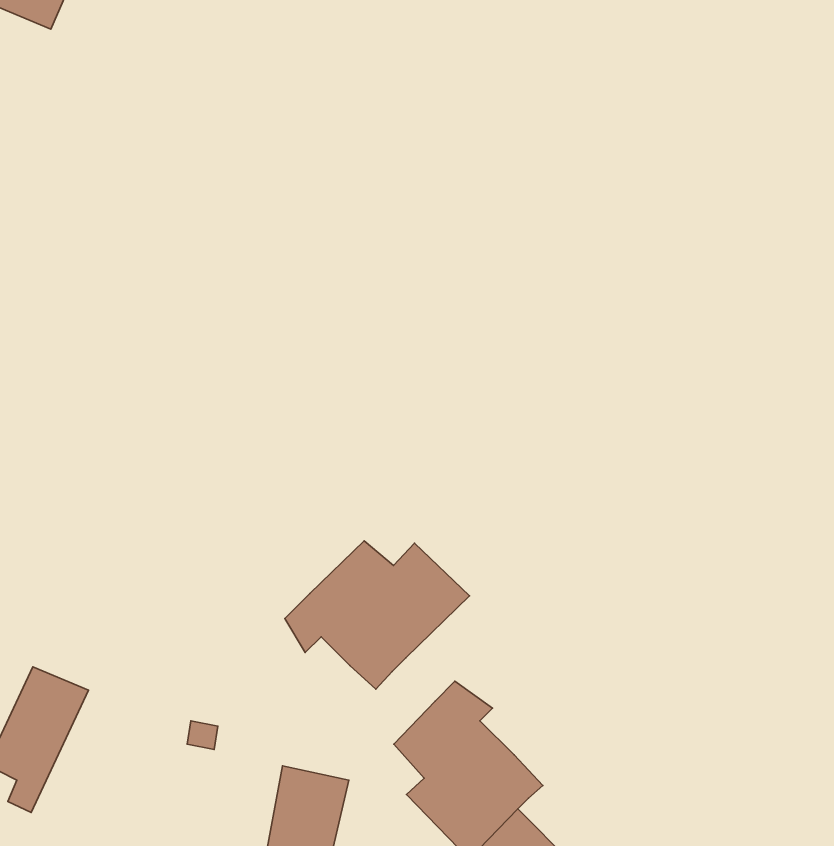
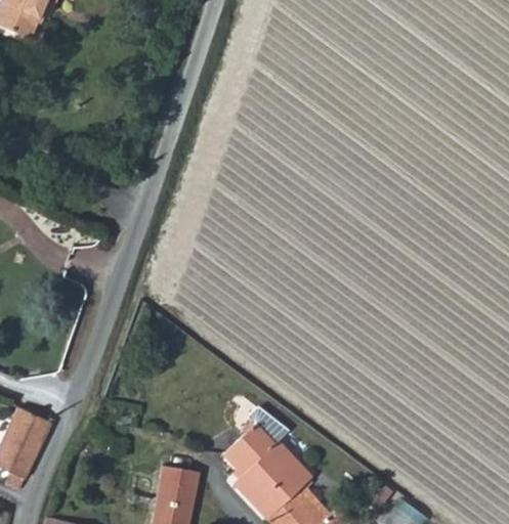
building: [285,541,469,689] -> none

